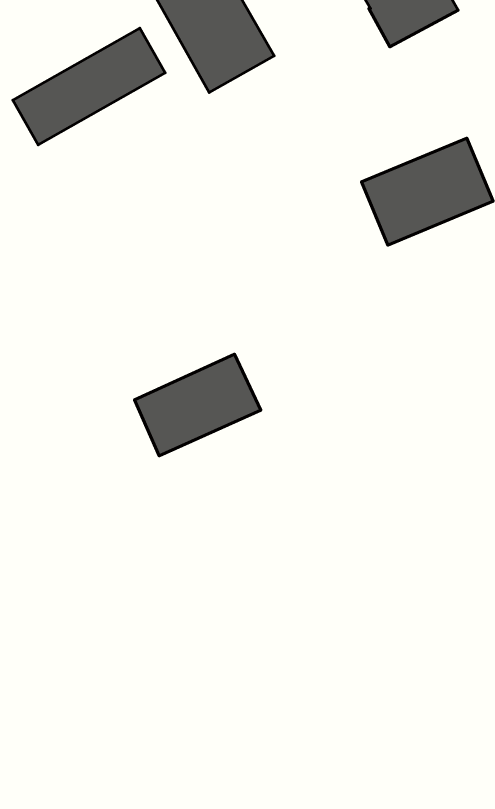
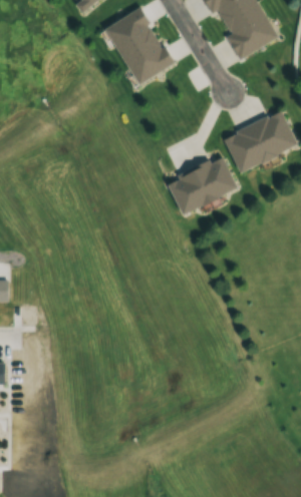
building: [13,28,165,145] -> none
building: [135,354,261,456] -> [166,155,238,213]

